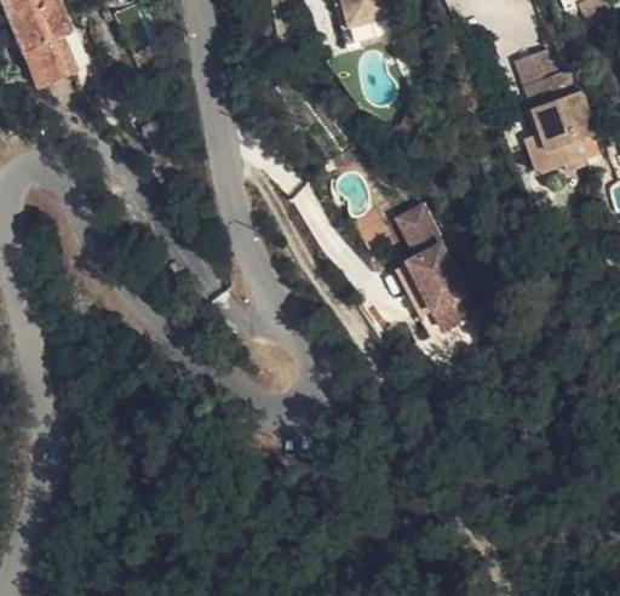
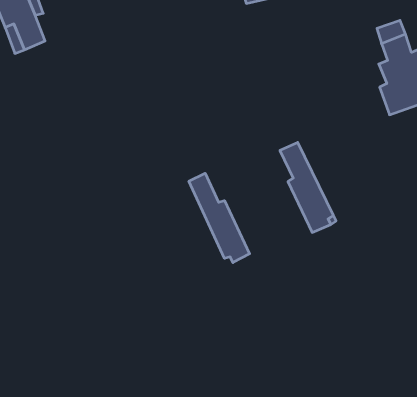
building: none -> [189,173,250,263]

